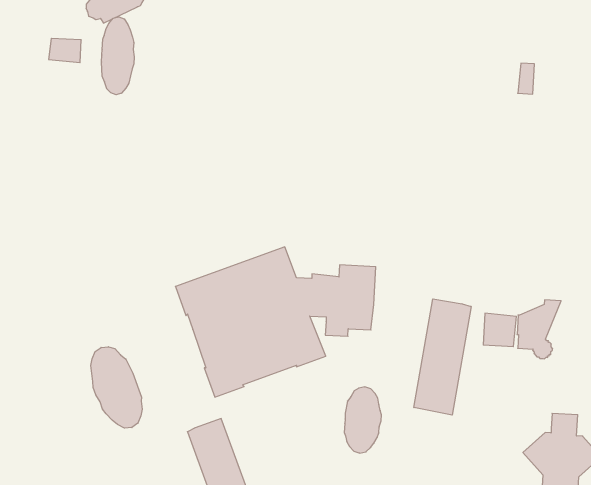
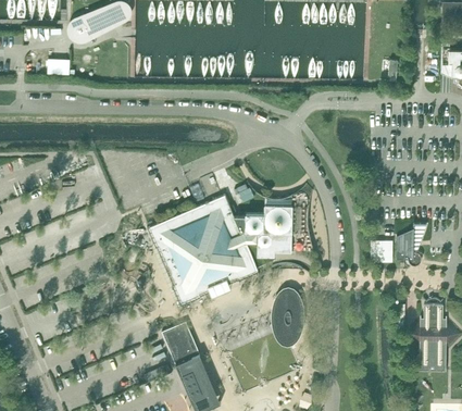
building: [102,17,134,95] -> none
building: [414,299,471,415] -> none
building: [91,347,142,428] -> none

